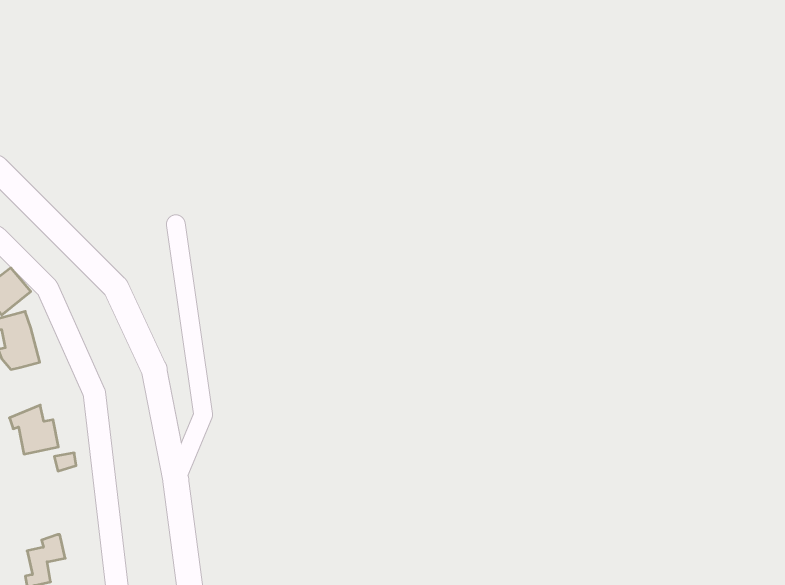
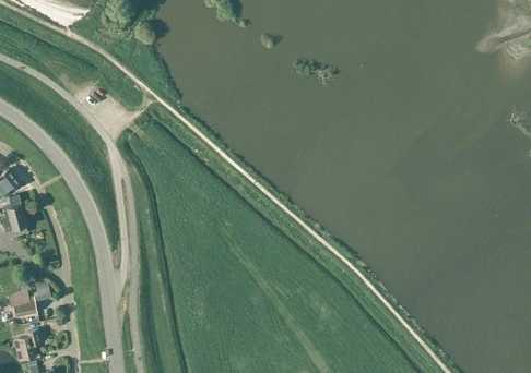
building: [9,405,58,454] -> [8,289,37,318]

